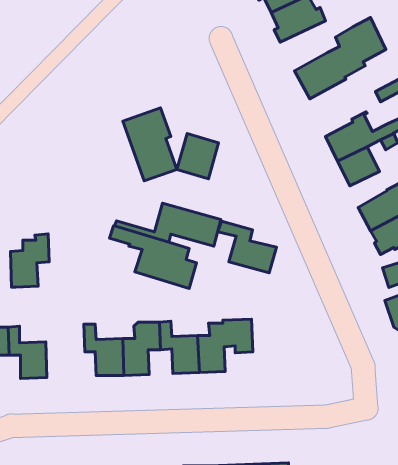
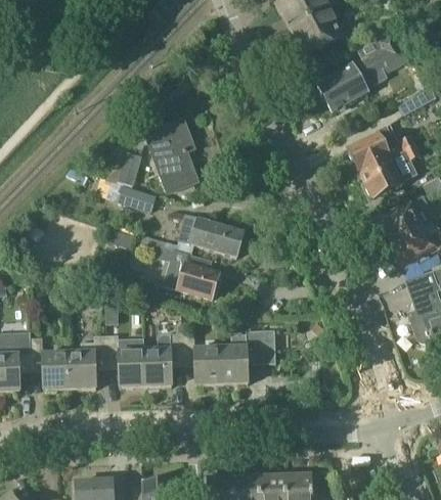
building: [177,133,219,179] -> none
building: none -> [100,153,141,183]
building: none -> [116,184,157,212]
building: [218,221,276,273] -> none
building: [10,234,49,287] -> [69,335,107,389]

